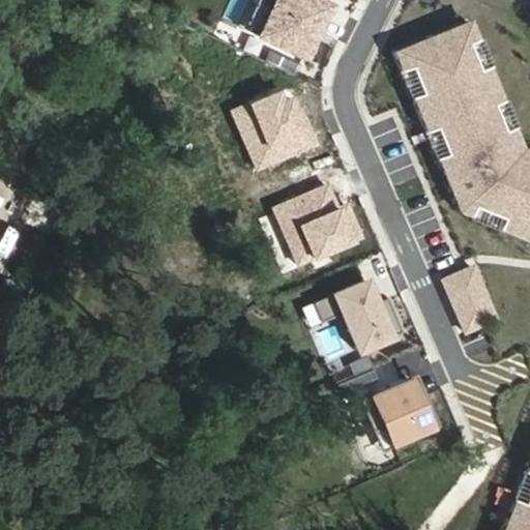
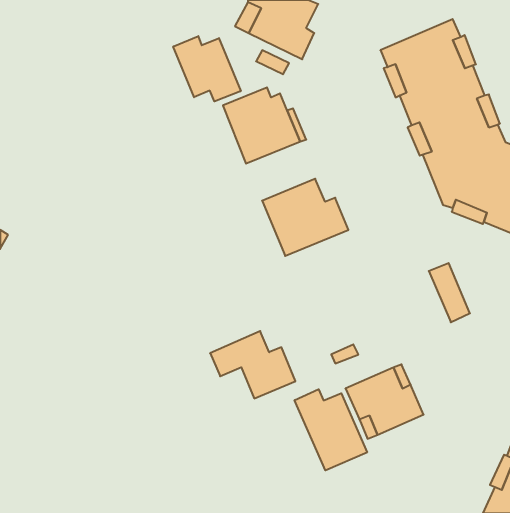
building: none -> [173,36,241,101]
building: [315,281,403,350] -> [210,331,295,398]
building: none -> [295,389,367,470]

